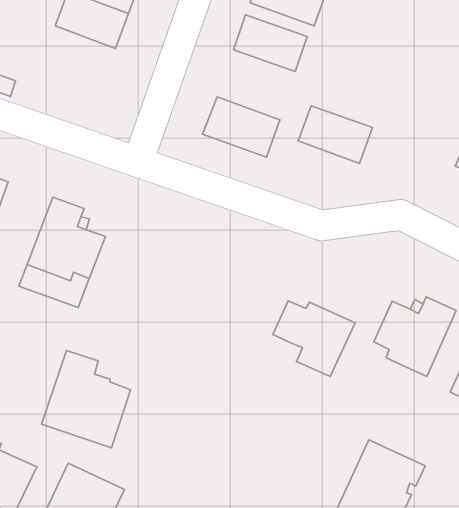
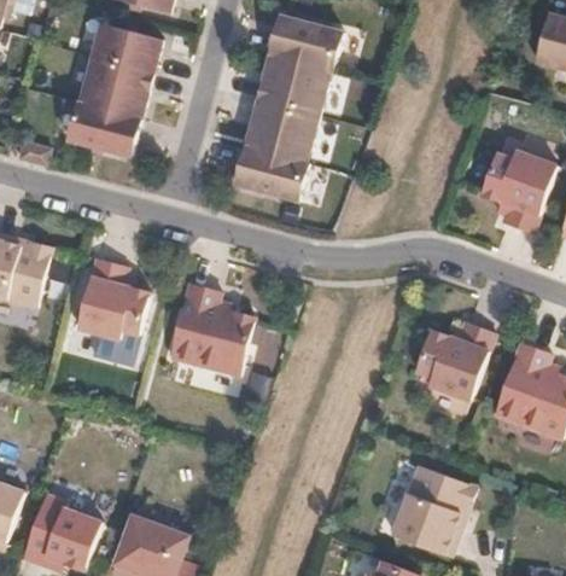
building: none -> [66,101,140,156]
building: [298,106,373,164] -> [247,99,319,151]
building: [273,301,355,376] -> none
building: [41,351,130,448] -> [170,283,253,373]

